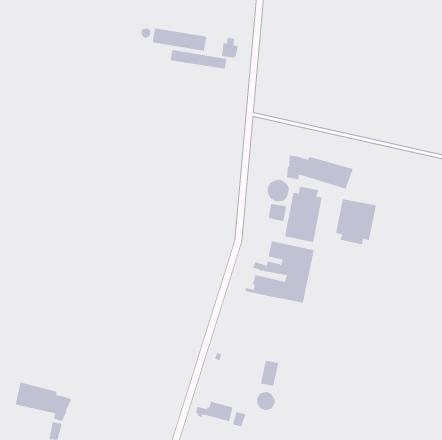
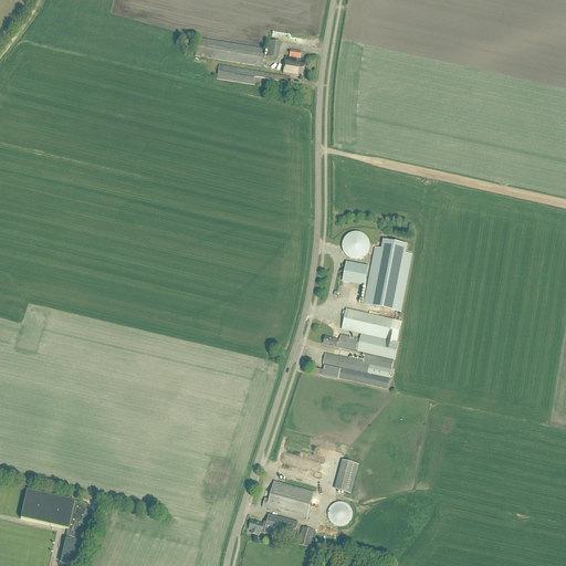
building: [287,155,353,189] -> none
building: [335,198,376,245] -> none
building: none -> [262,479,314,517]

